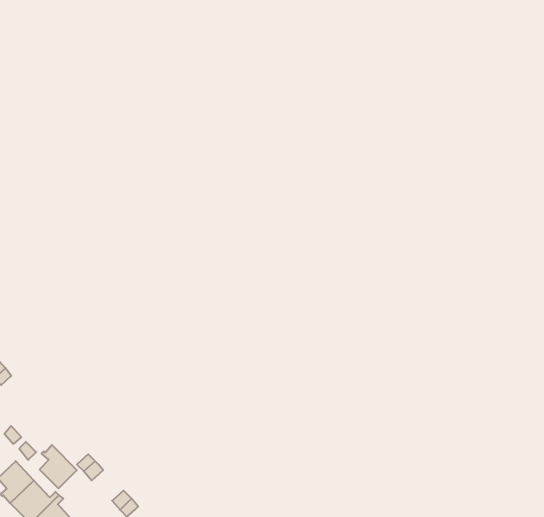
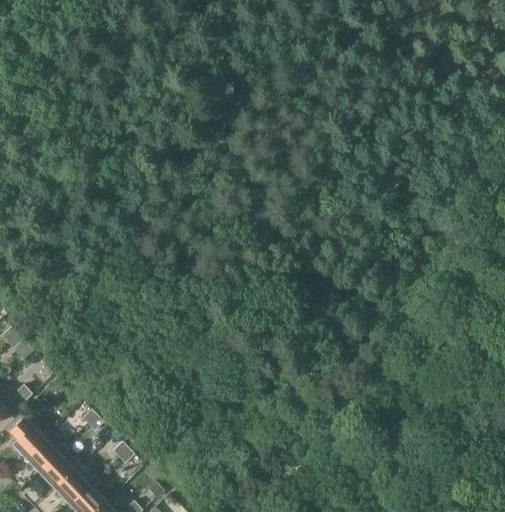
building: [40,445,77,488] -> none

